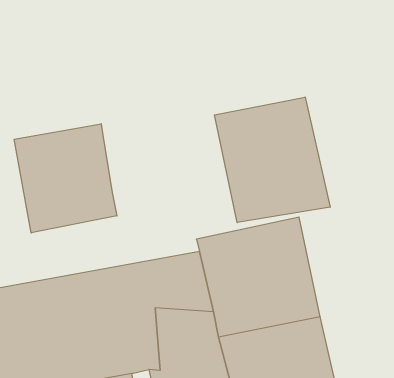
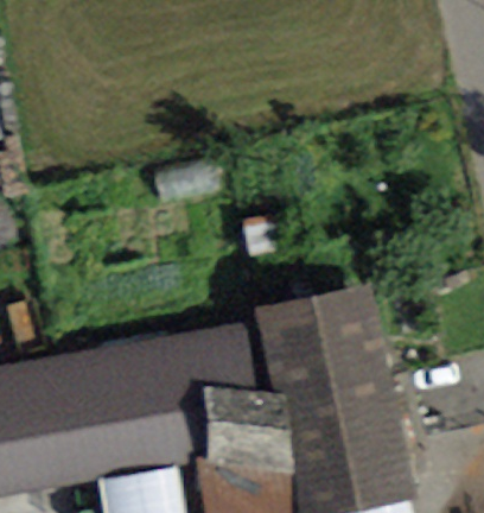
building: [214,97,330,223] -> none
building: [14,124,117,233] -> none

